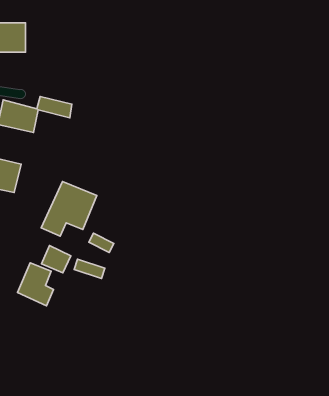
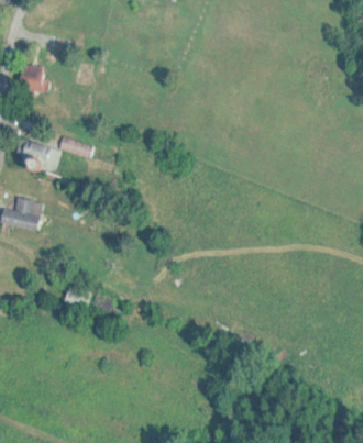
building: [41,181,97,236] -> none
building: [18,263,54,306] -> none

